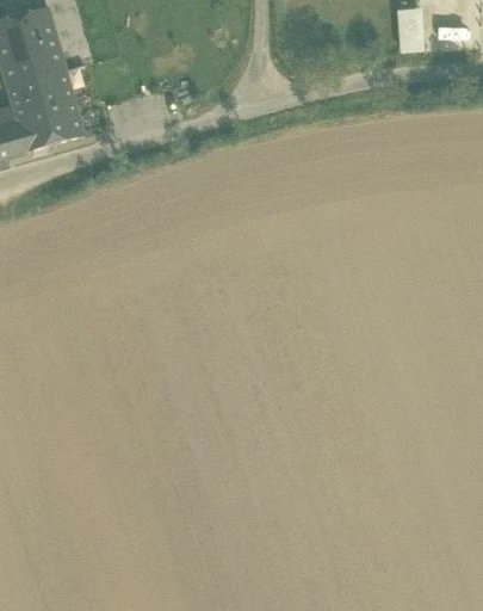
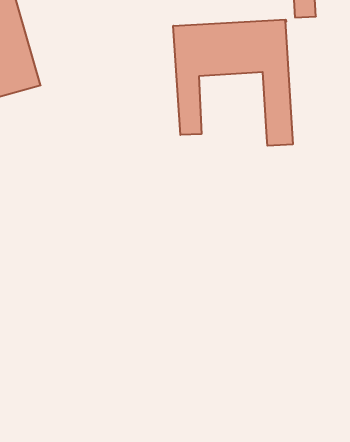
building: none -> [173,20,293,146]

